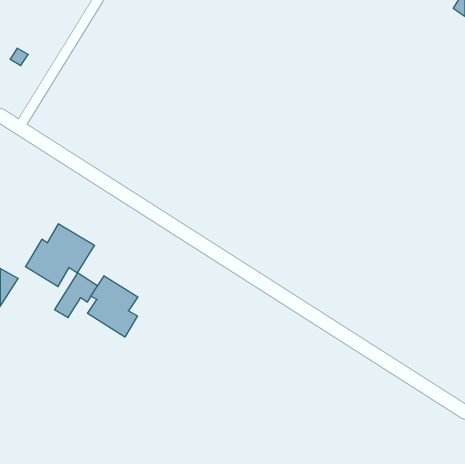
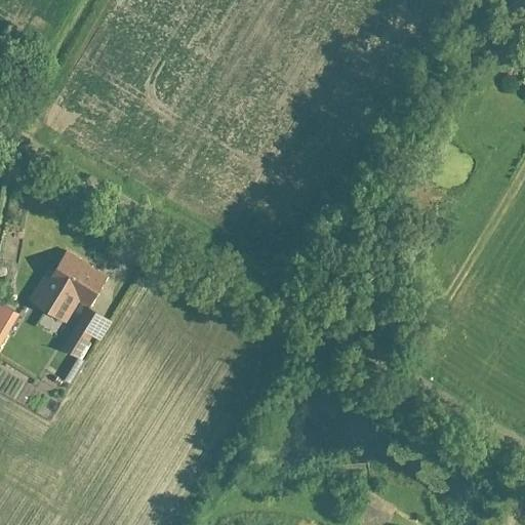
building: [87,276,138,337] -> none

